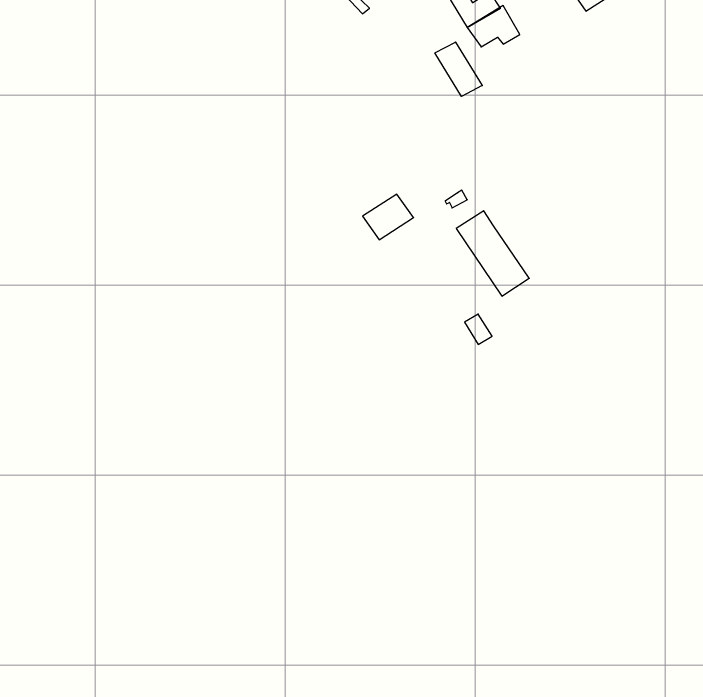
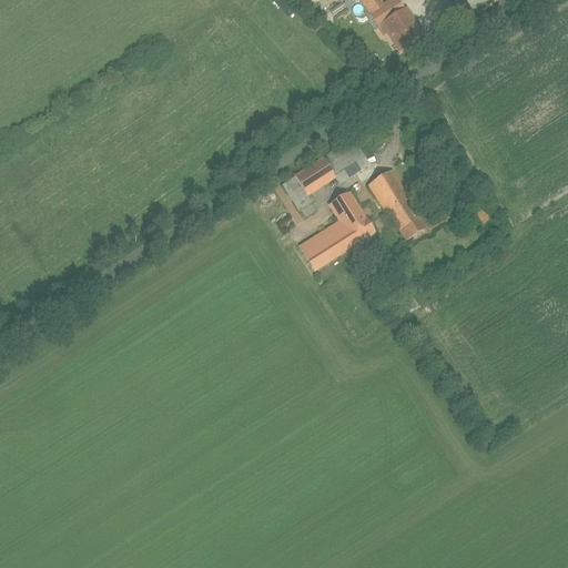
building: [435,42,482,96] -> none
building: none -> [300,190,375,267]

